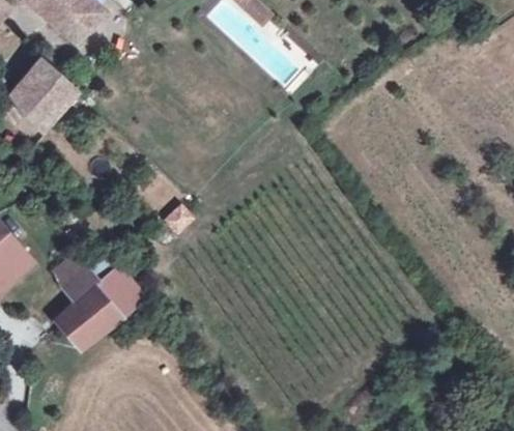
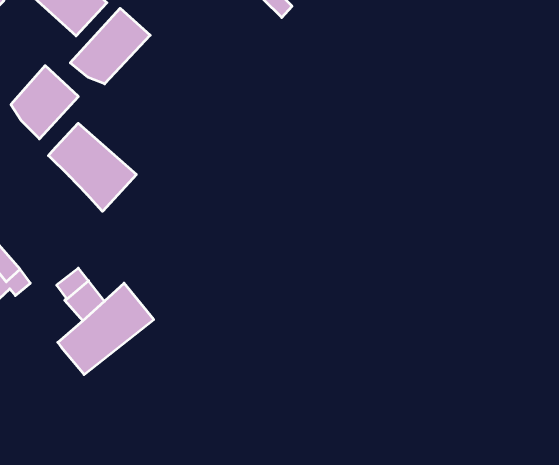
building: none -> [70,8,150,84]
building: none -> [48,123,136,211]

